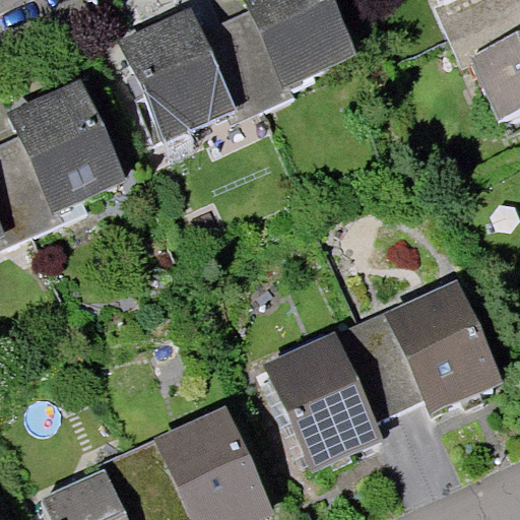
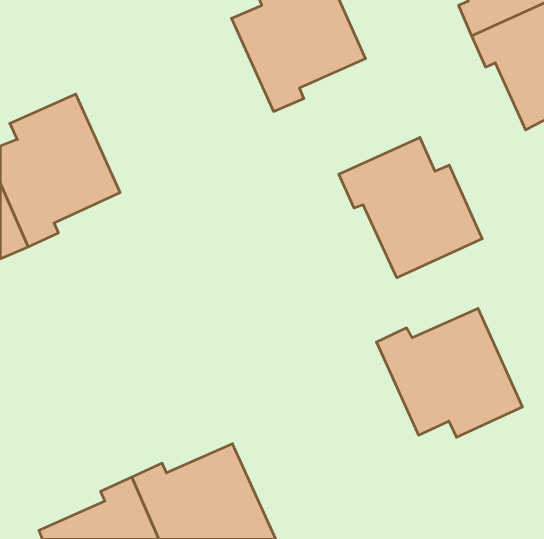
building: [128,16,265,136] -> none
building: none -> [339,137,482,278]
building: [275,321,401,464] -> none

